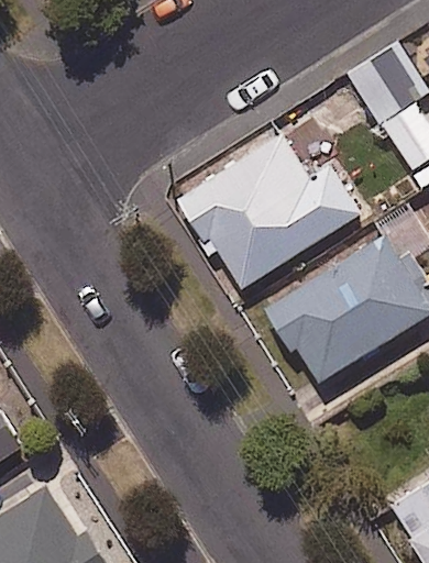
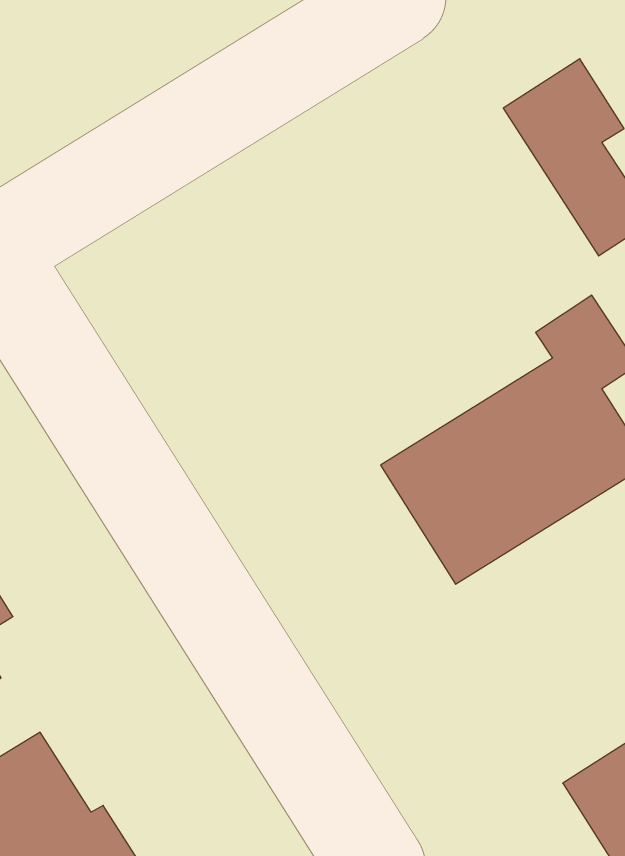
building: [182,133,362,289] -> none

